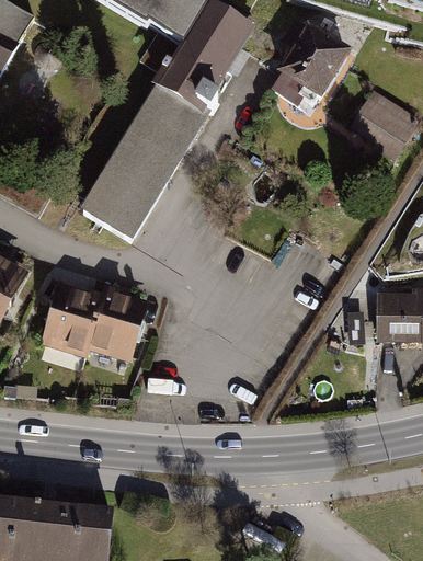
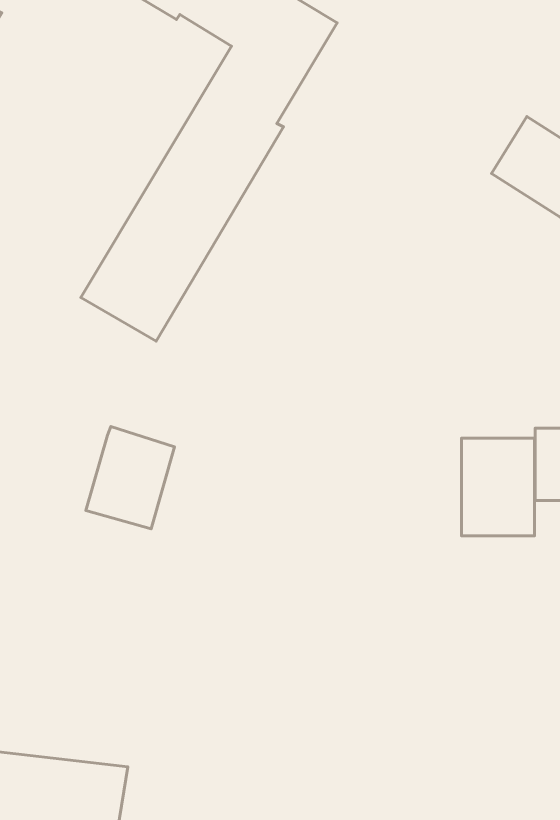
building: [275,32,355,116] -> none
building: [41,285,100,354] -> none
building: none -> [462,438,535,536]

